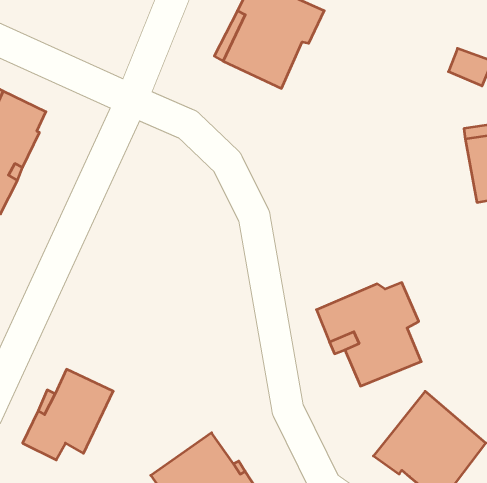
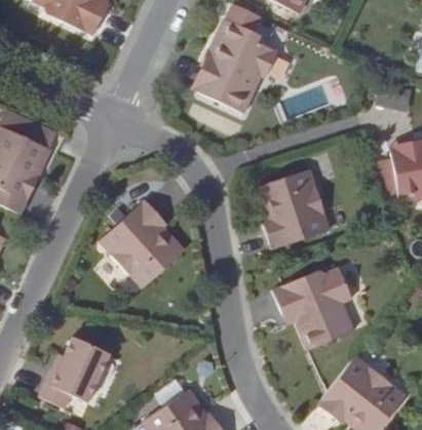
building: none -> [256,169,332,250]
building: none -> [100,199,186,289]

